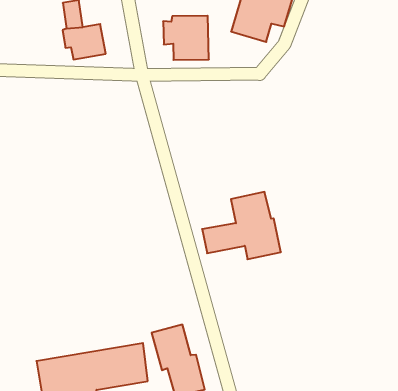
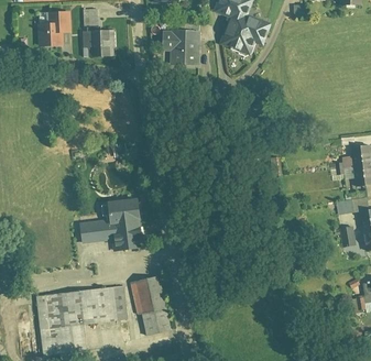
building: none -> [37,12,69,47]
building: [202,192,281,259] -> [80,195,142,248]

